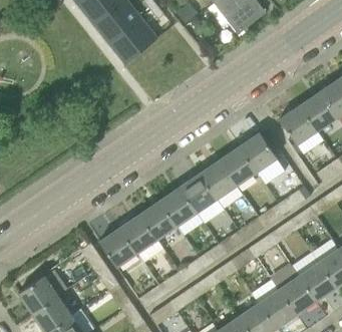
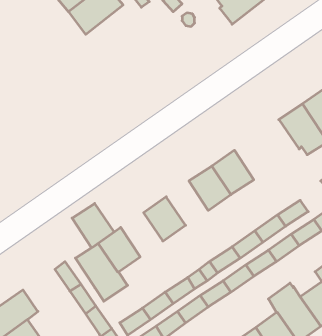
building: [109,17,158,64] -> none
building: [241,132,278,172] -> none
building: [181,173,218,212] -> none
building: [140,201,178,240] -> [72,203,114,248]

